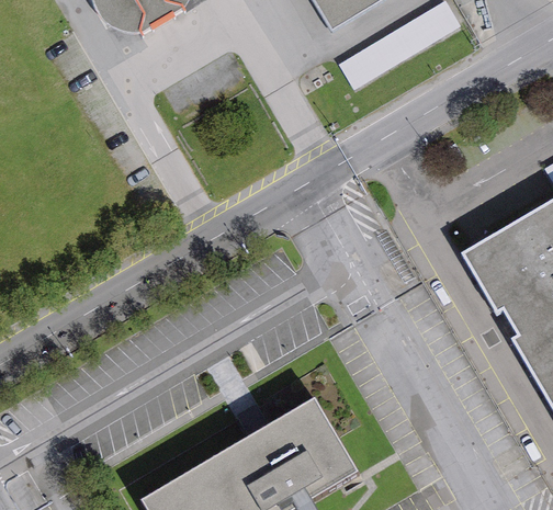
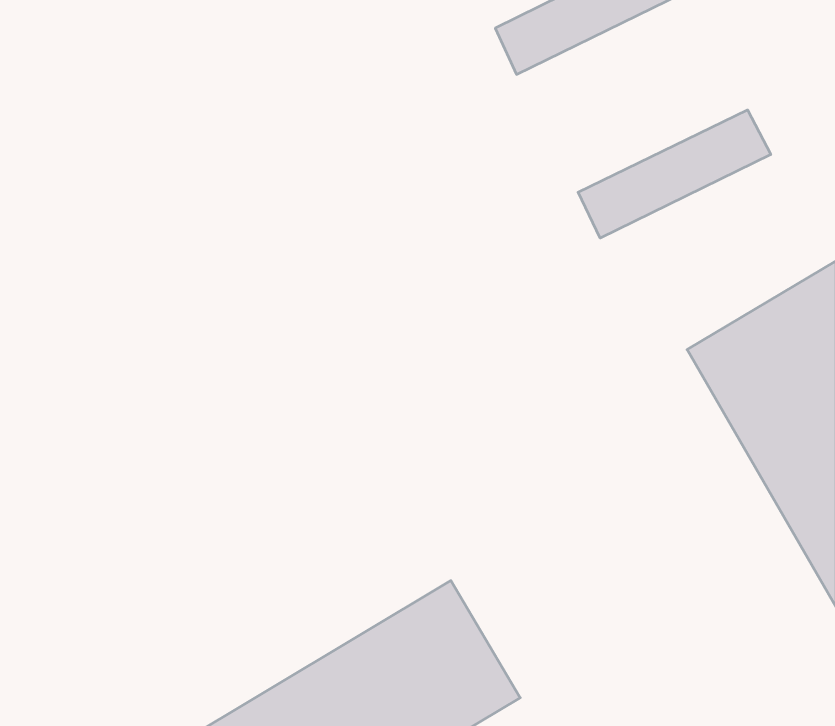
building: none -> [578,110,771,238]

